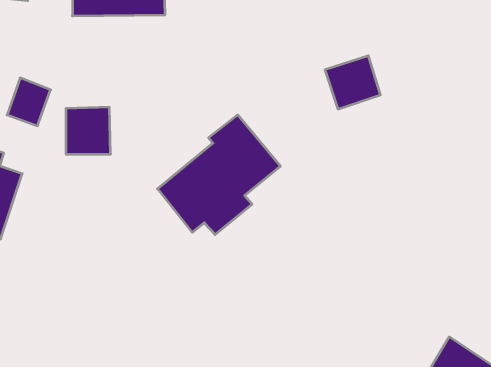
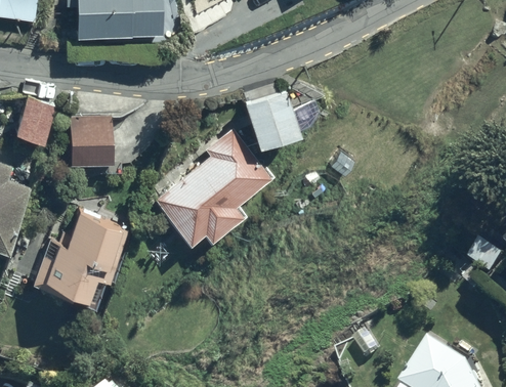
building: [325,56,380,109] -> [244,88,296,138]
building: none -> [32,206,128,297]

